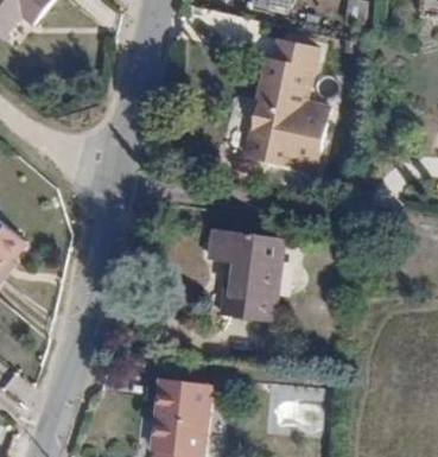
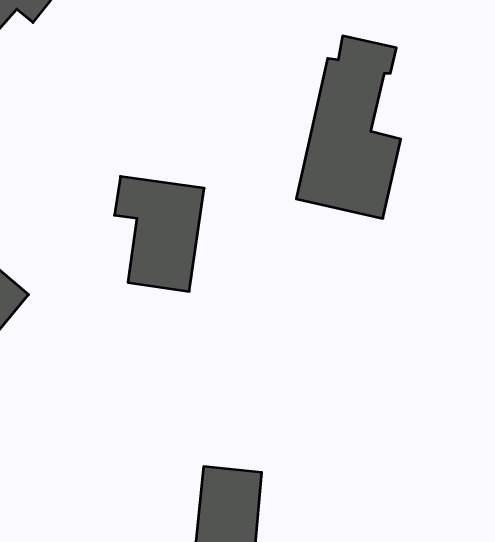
building: [212,222,284,313] -> [114,176,204,291]

